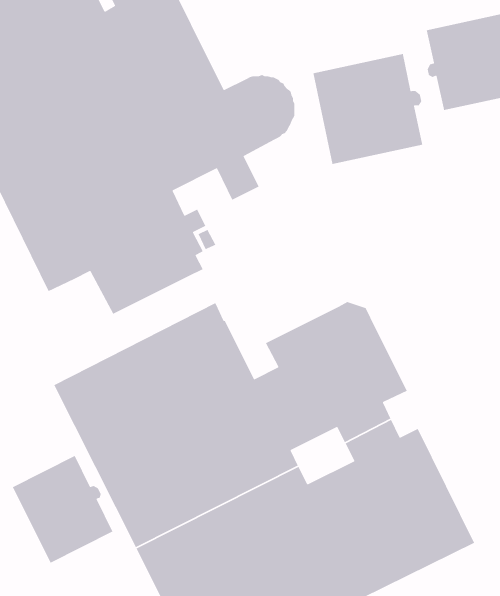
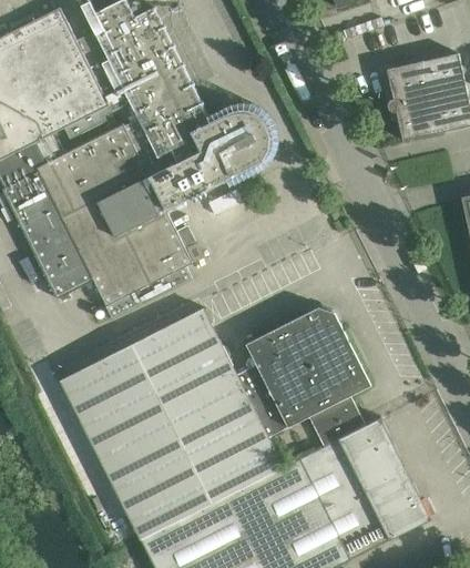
building: [312,53,423,165] -> none
building: [12,455,114,564] -> none

